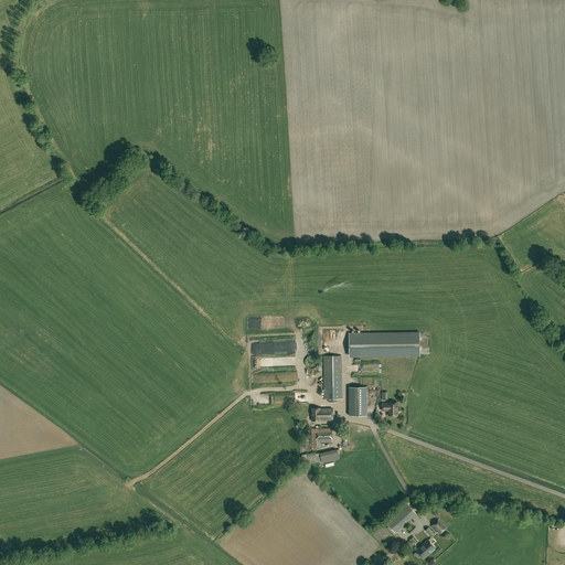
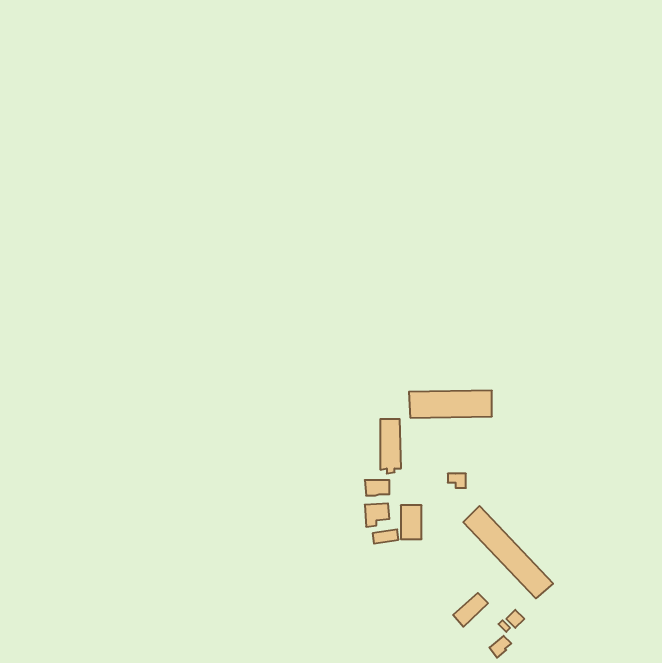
building: [348,387,365,416] -> [401,505,422,539]
building: none -> [463,506,553,598]

